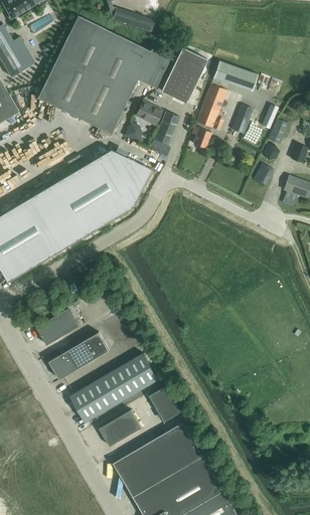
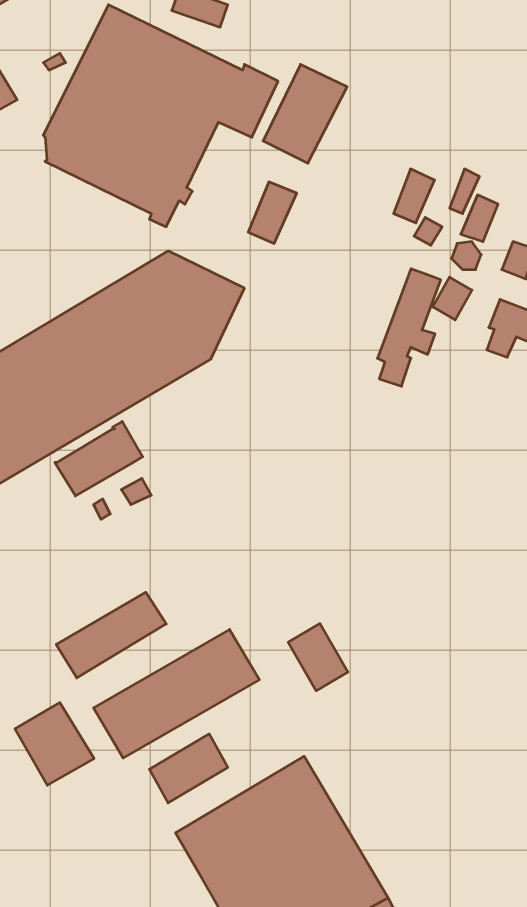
building: [213,61,257,91] -> none
building: [192,84,226,148] -> [377,269,441,386]
building: [135,101,162,125] -> none
building: [36,305,84,345] -> [55,421,143,496]
building: [150,385,182,421] -> [288,624,348,691]
building: none -> [15,703,94,785]

